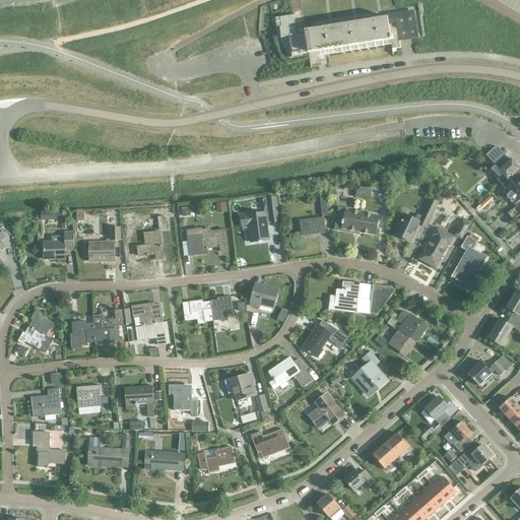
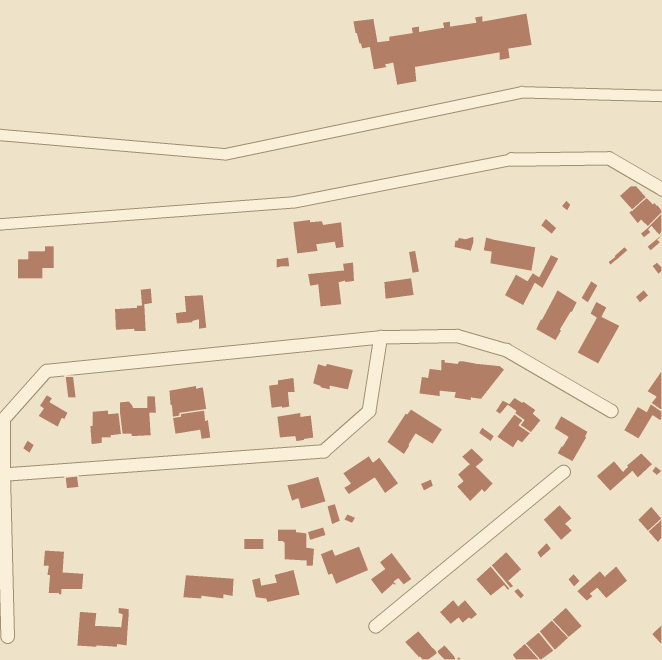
building: [337,207,379,235] -> [483,237,536,272]
building: [187,226,228,254] -> [293,219,344,254]
building: [45,232,74,258] -> [17,245,55,279]
building: [183,300,212,323] -> [276,412,314,442]
building: none -> [553,415,588,462]
building: [18,326,52,351] -> none
building: [76,383,108,412] -> none
building: [168,384,197,413] -> [277,529,315,566]
building: [125,385,153,414] -> none
building: [31,388,61,419] -> none
building: [309,394,342,428] -> [370,552,413,595]
building: [444,420,472,451] -> none
building: [87,433,129,465] -> [77,607,130,649]

